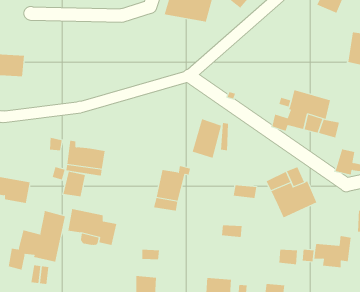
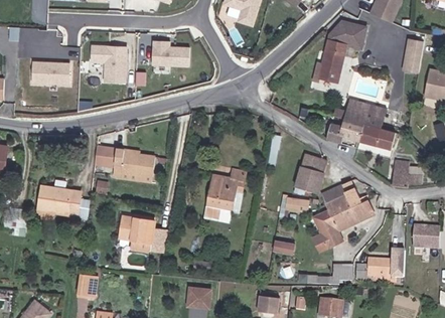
building: none -> [314,19,366,81]
building: none -> [150,38,192,64]
building: none -> [91,39,130,84]
building: [192,119,222,159] -> [293,152,324,193]
building: [63,171,85,197] -> none
building: none -> [316,214,343,249]
building: [8,210,65,270] -> none

